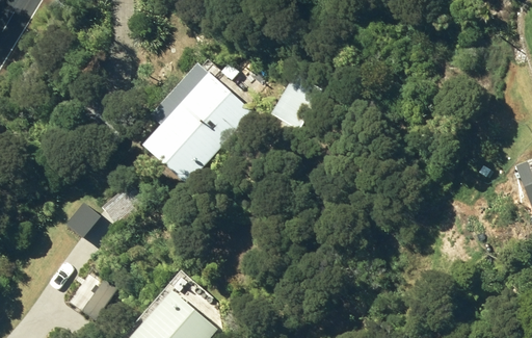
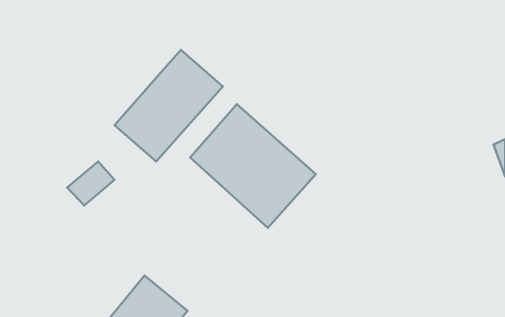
building: none -> [190,104,316,228]

